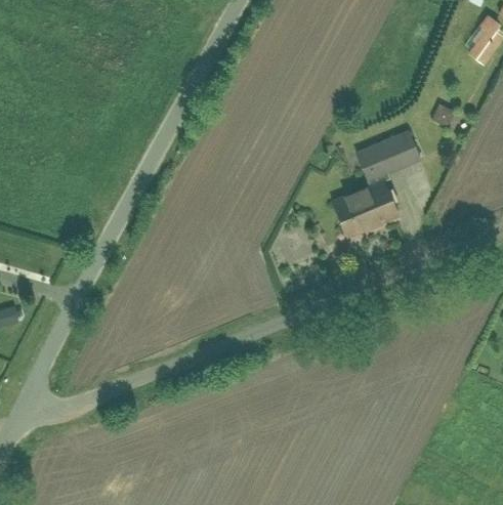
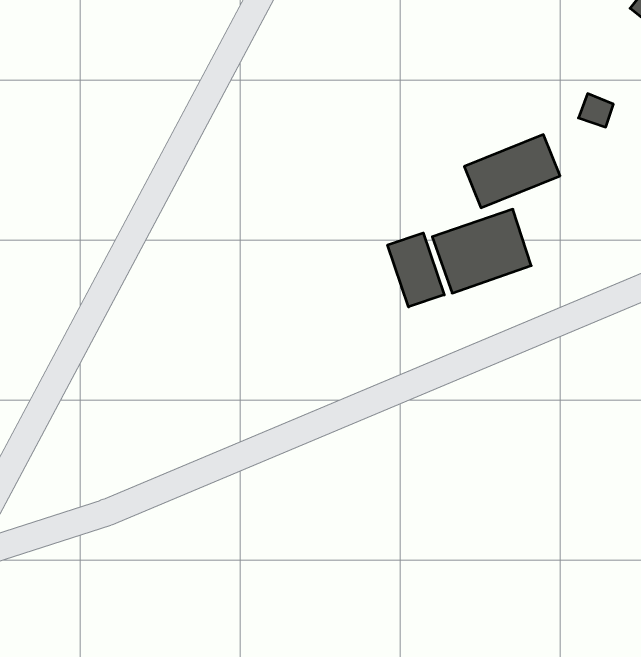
building: none -> [388,233,444,307]

